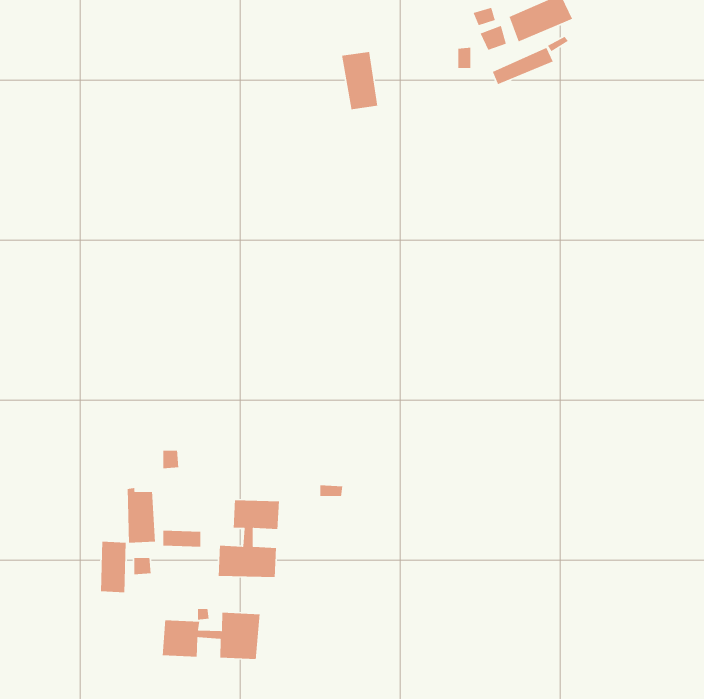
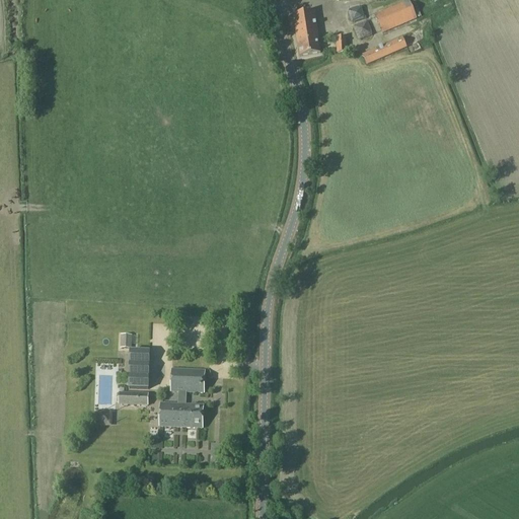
building: [341,51,378,110] -> [293,10,320,54]
building: [100,541,126,593] -> [130,348,149,386]
building: [162,612,260,660] -> none

